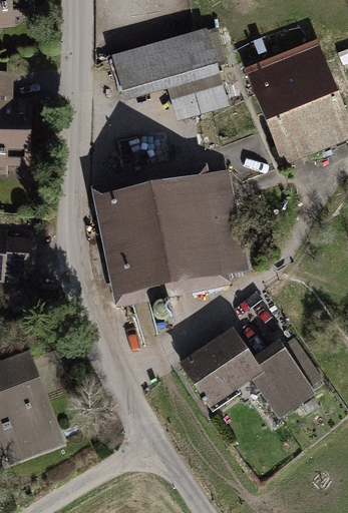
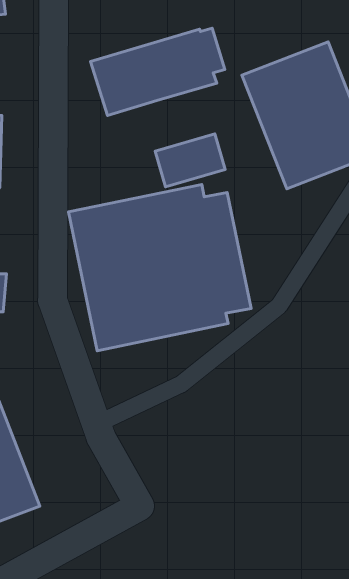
building: [167,73,229,119] -> [155,134,225,187]
building: [178,327,315,418] -> none

